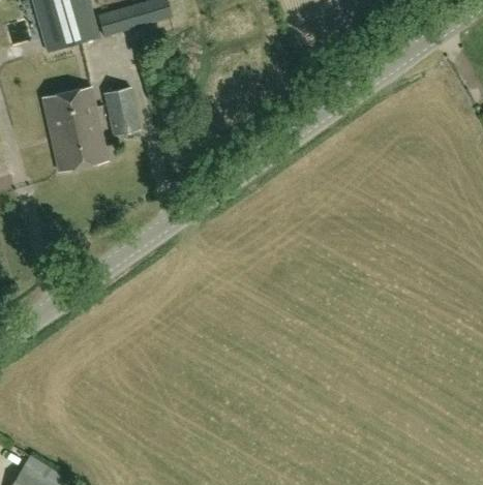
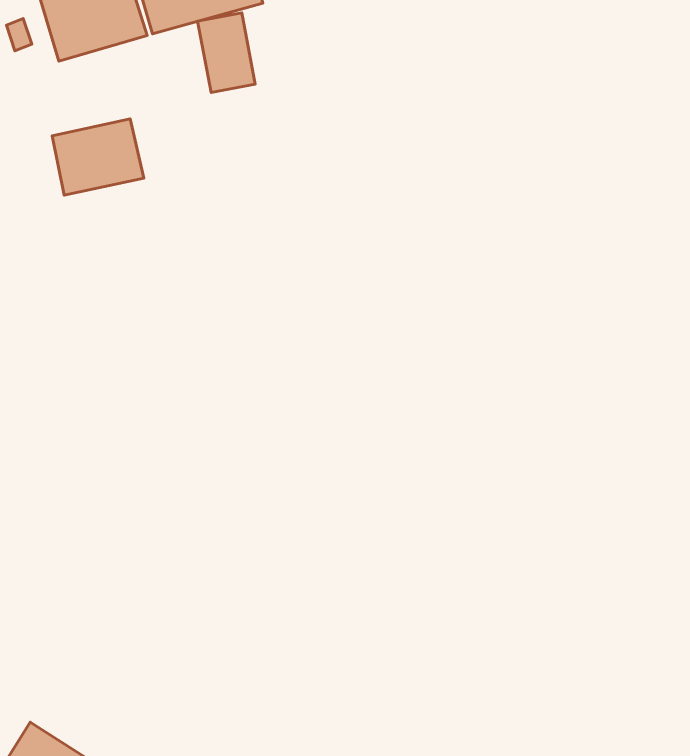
building: [104,87,140,135] -> [198,13,255,93]
building: [51,123,107,171] -> none

